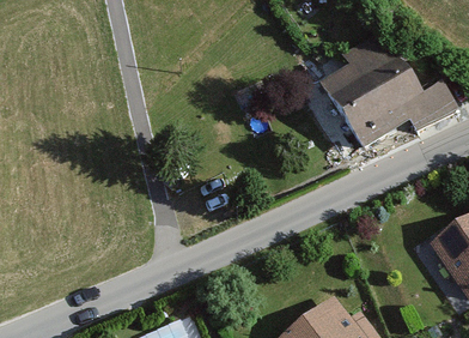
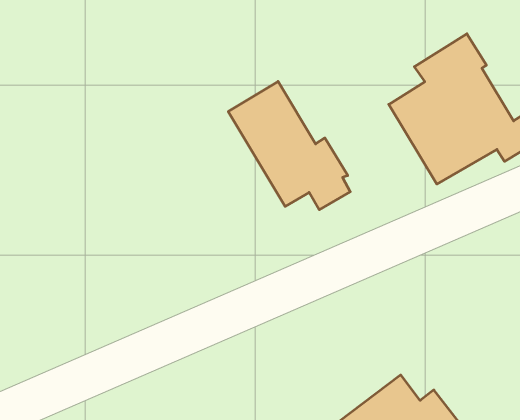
building: none -> [228,81,350,210]

